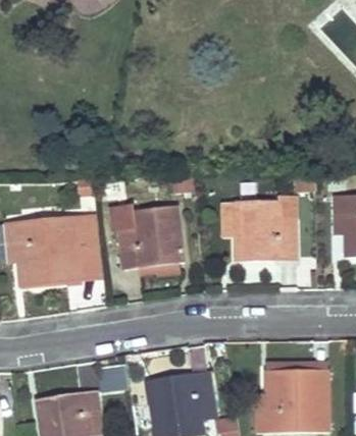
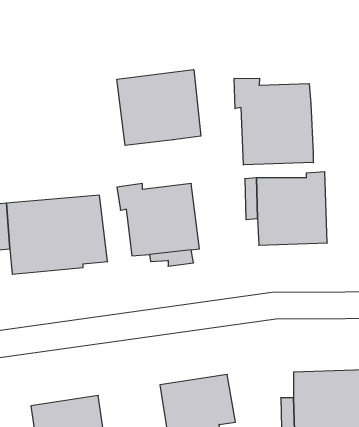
building: none -> [117,70,201,145]
building: none -> [234,78,313,165]

